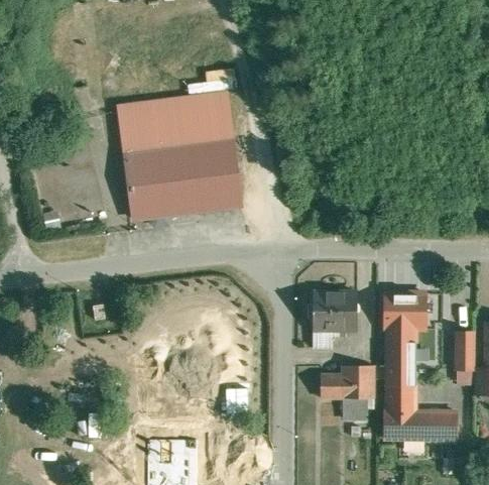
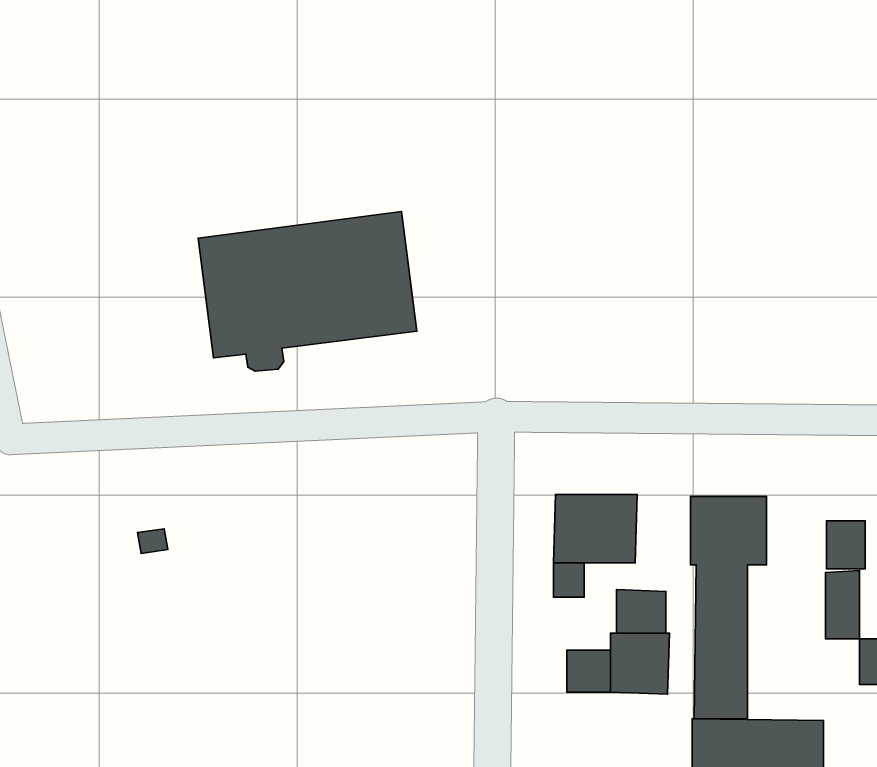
building: [118,92,232,155] -> none
building: none -> [826,521,865,569]
building: [341,398,367,421] -> [616,590,666,633]

